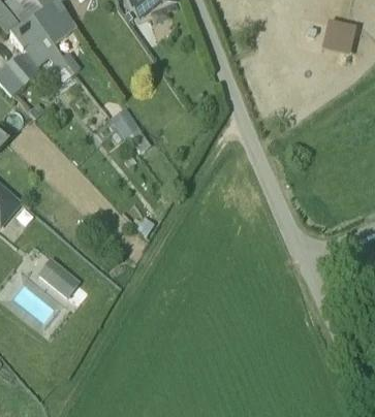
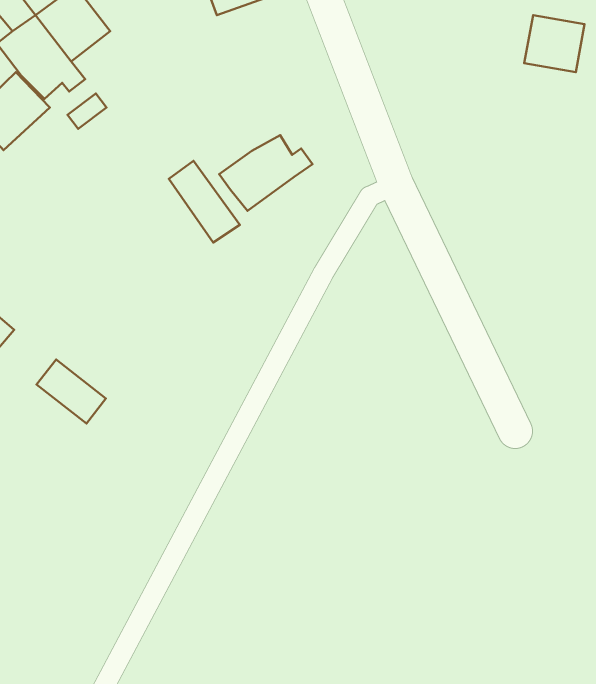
building: none -> [219,135,313,211]
building: [38,256,79,293] -> [37,360,106,424]

